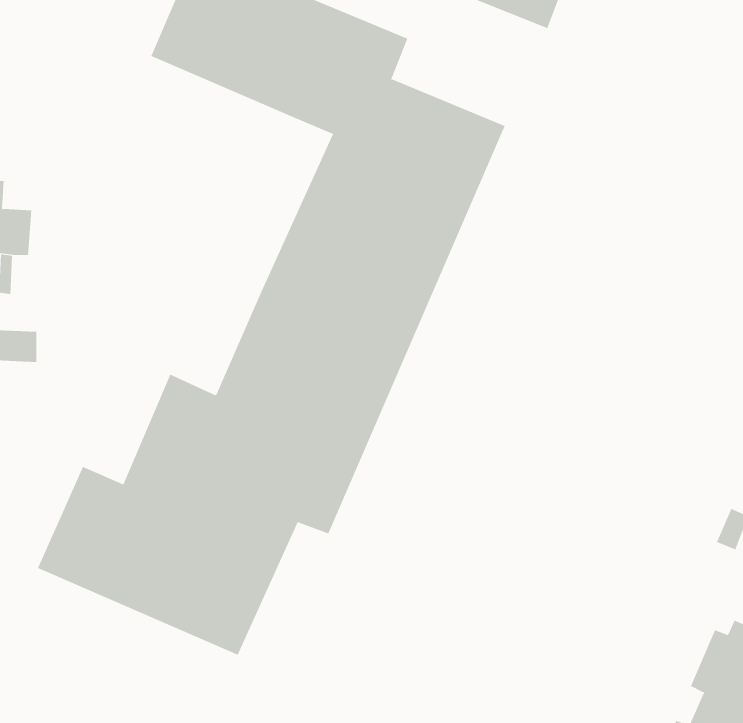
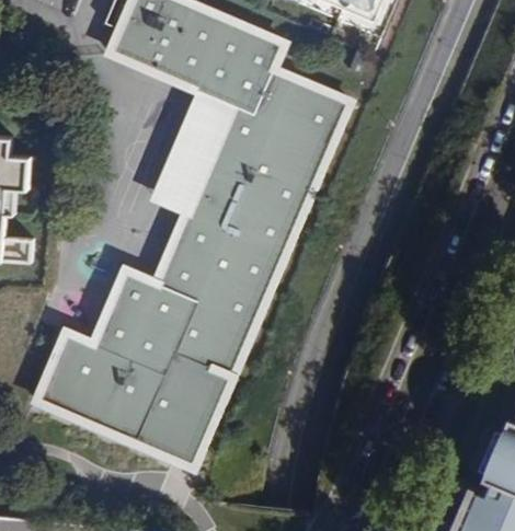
building: none -> [158,93,232,211]
building: none -> [169,368,230,466]

